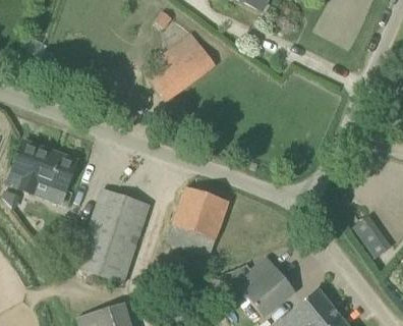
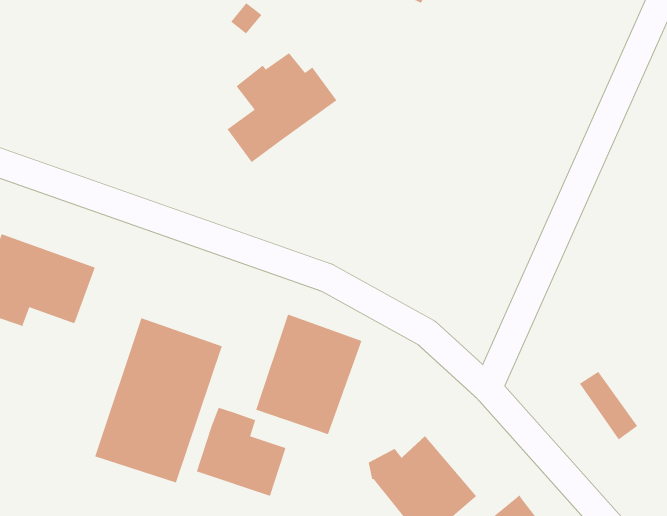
building: none -> [196,407,286,497]

